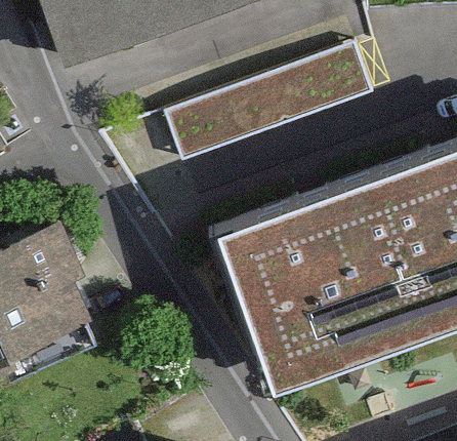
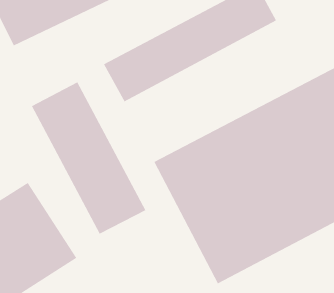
building: none -> [31,81,146,235]

